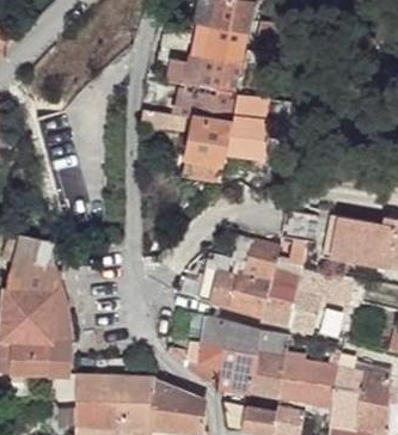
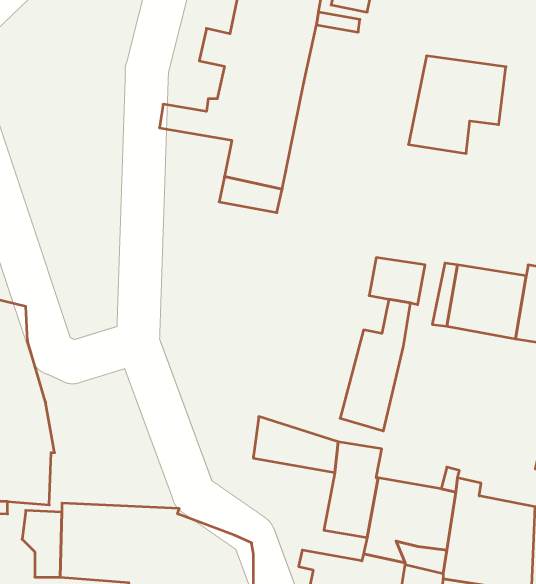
building: [225,94,289,159] -> [408,56,506,153]
building: [197,234,280,317] -> none
building: [289,269,353,331] -> none
building: [166,339,257,391] -> none

